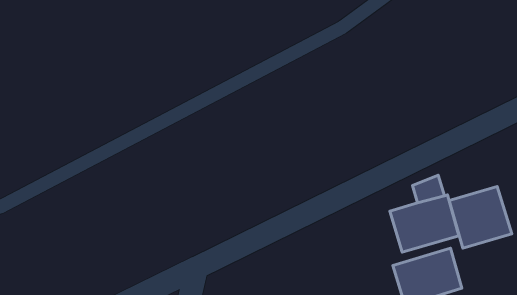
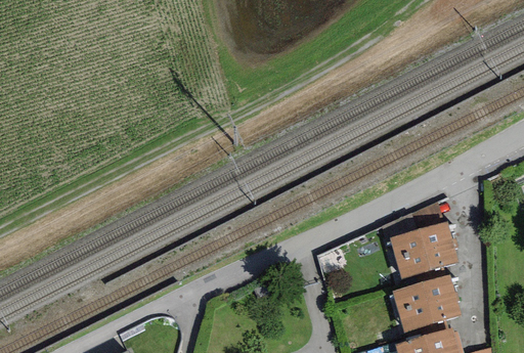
building: [449,187,512,248] -> none

